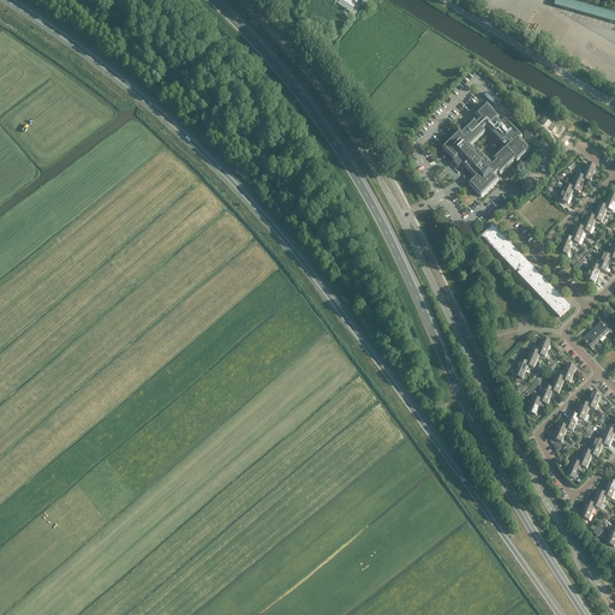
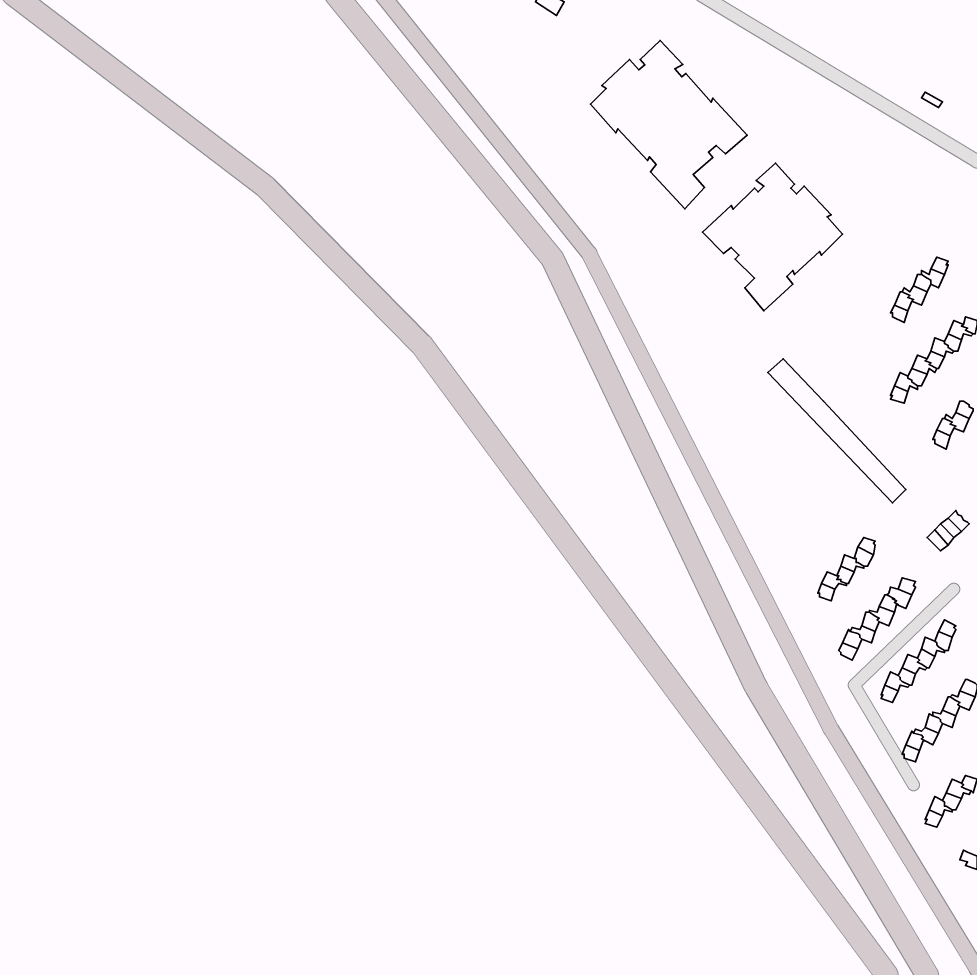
building: none -> [591,40,747,209]

